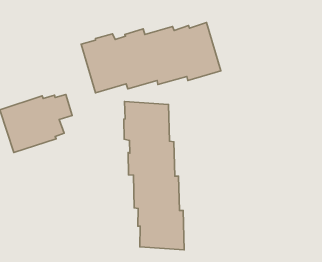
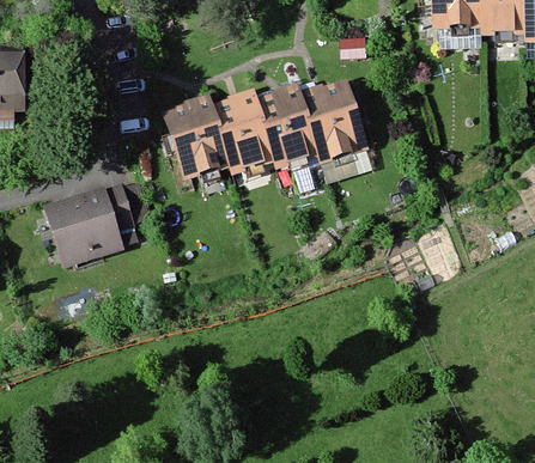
building: [124,101,184,250] -> none

